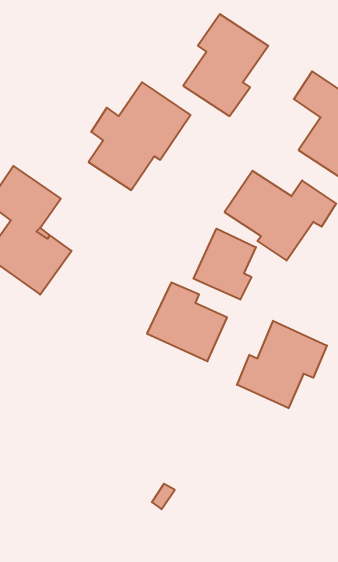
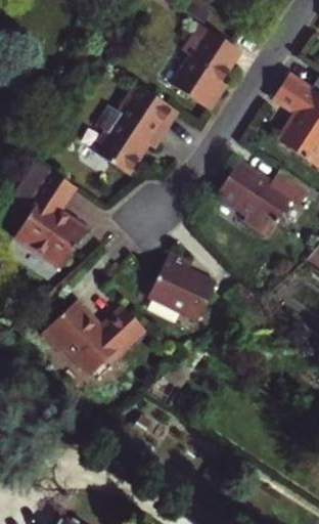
building: [194,229,256,300] -> none
building: [237,321,327,408] -> none
building: none -> [40,299,144,375]

